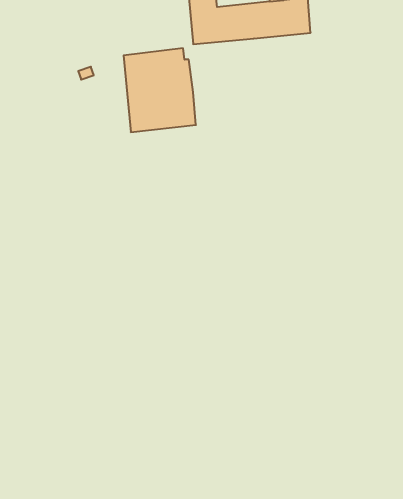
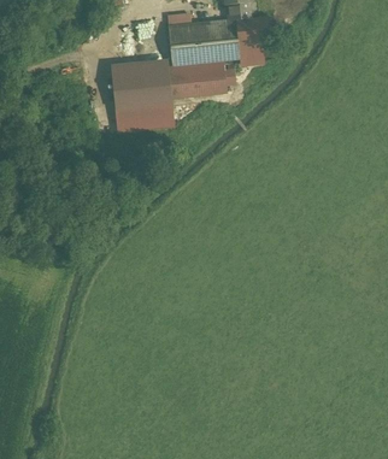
building: none -> [167,52,236,98]

